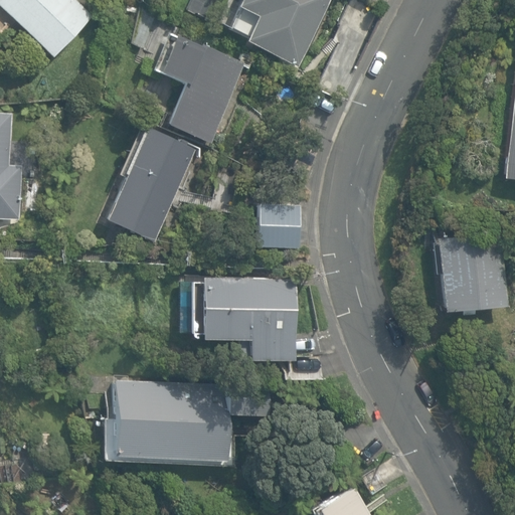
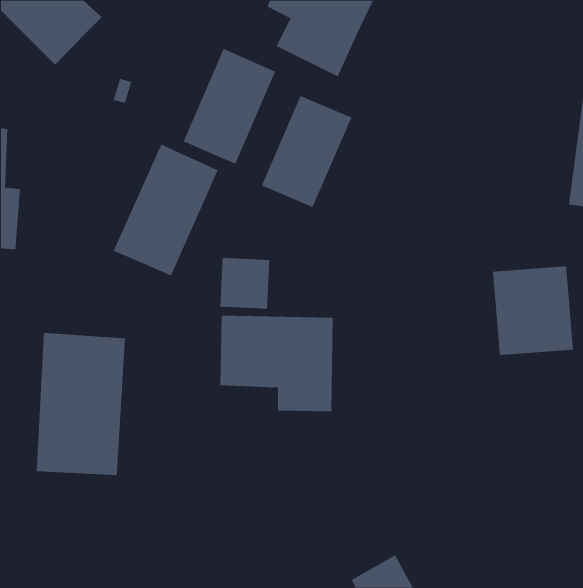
building: none -> [261,95,352,208]
building: [255,202,300,247] -> [219,257,270,309]
building: none -> [36,332,125,476]
building: [103,381,270,466] -> none

